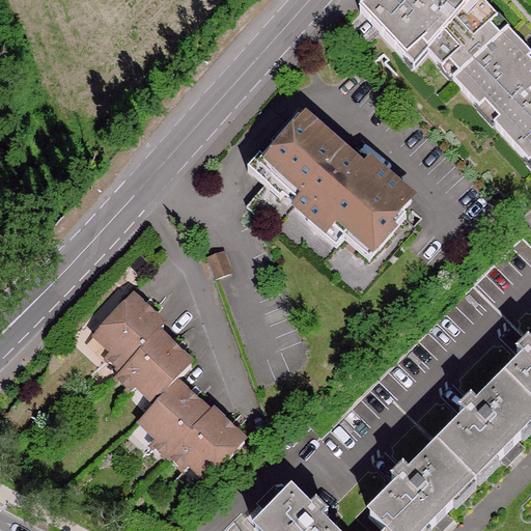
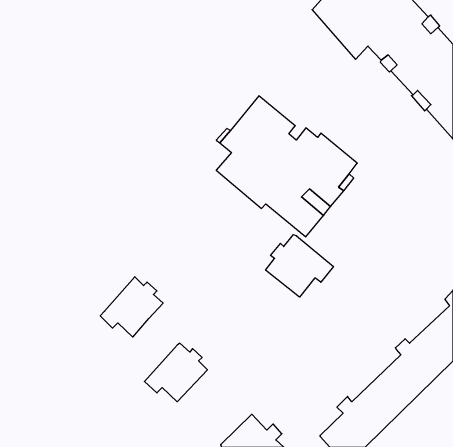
building: none -> [266,235,333,297]
building: [95,286,164,364] -> none
building: [140,372,207,449] -> none

